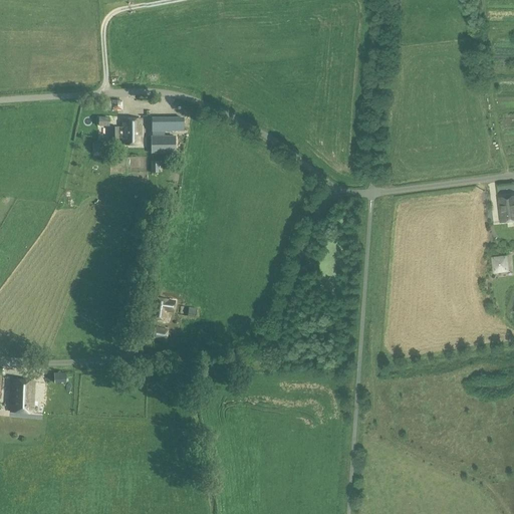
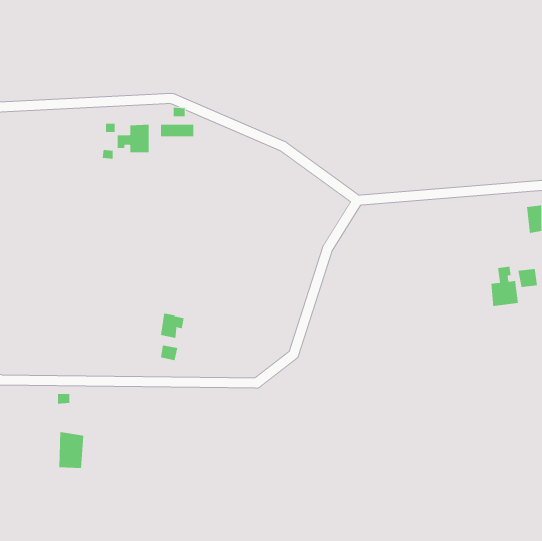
building: [152,136,176,152] -> none
building: none -> [491,266,518,307]
building: [11,377,35,413] -> [59,431,84,469]

